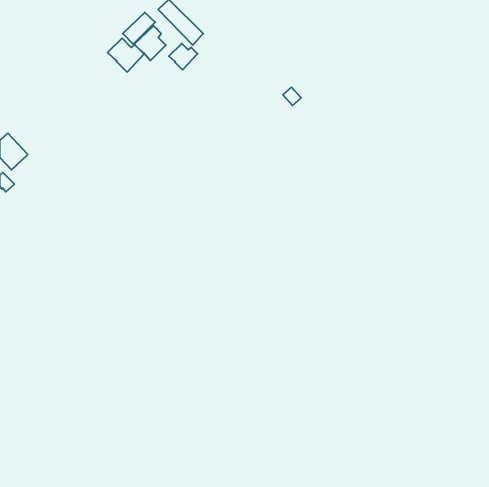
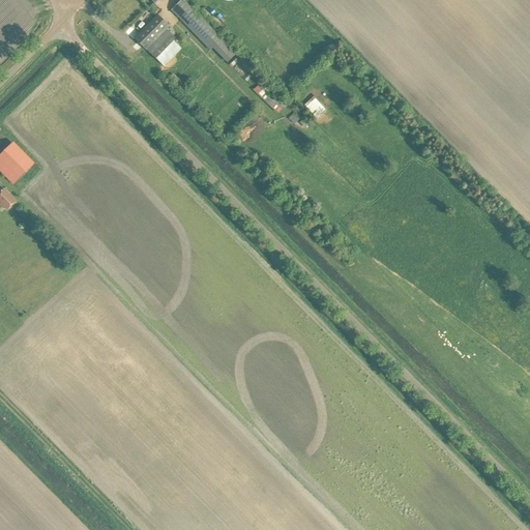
building: [108,38,144,72] -> none
building: [169,43,198,70] -> none

